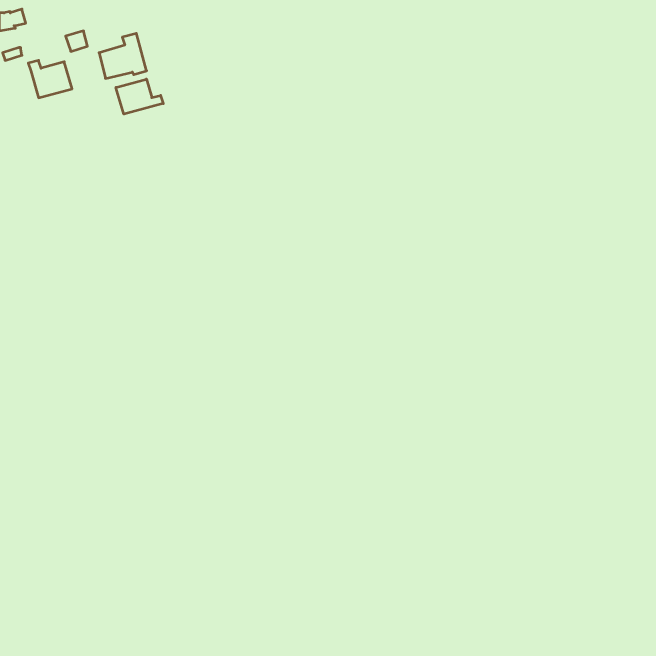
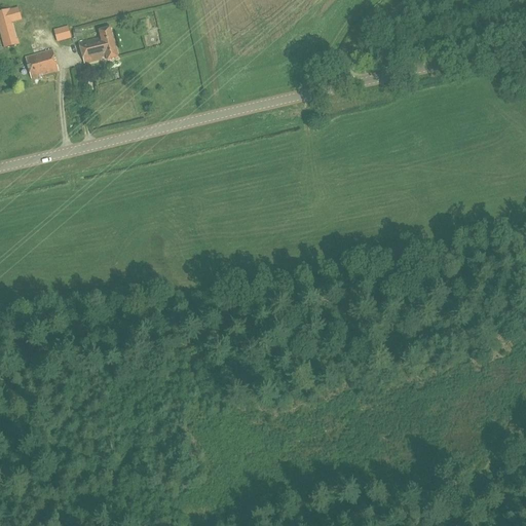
building: [116,79,163,114] -> none

